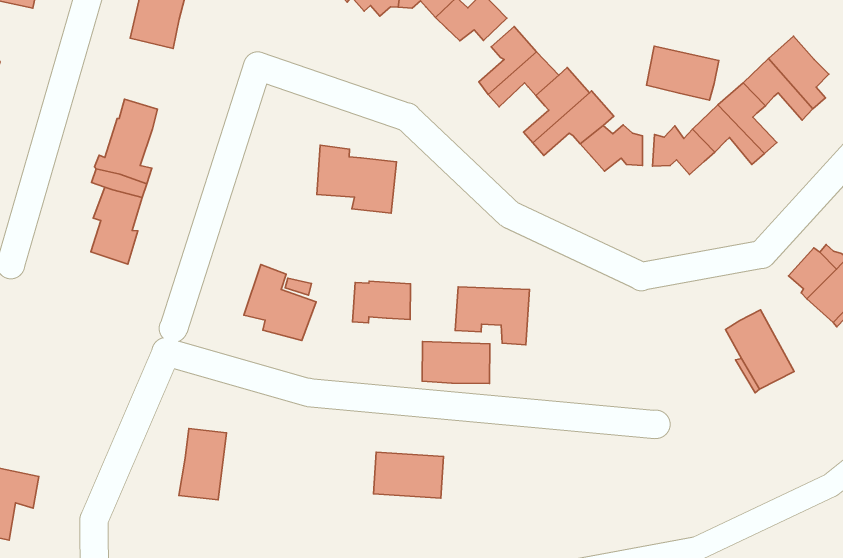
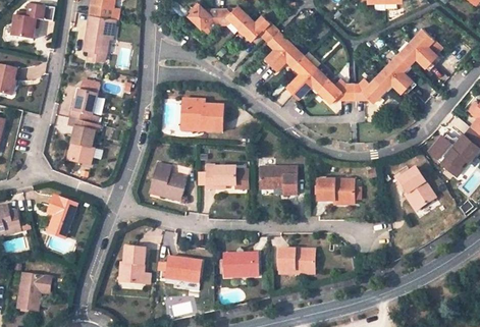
building: [647,46,719,100] -> none
building: none -> [46,197,76,239]
building: none -> [317,180,353,203]
building: [422,342,490,384] -> [278,249,314,270]
building: none -> [168,257,203,282]

